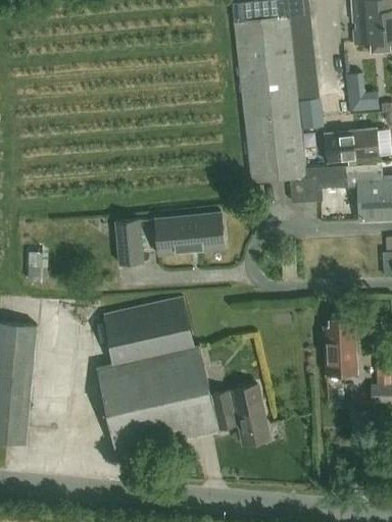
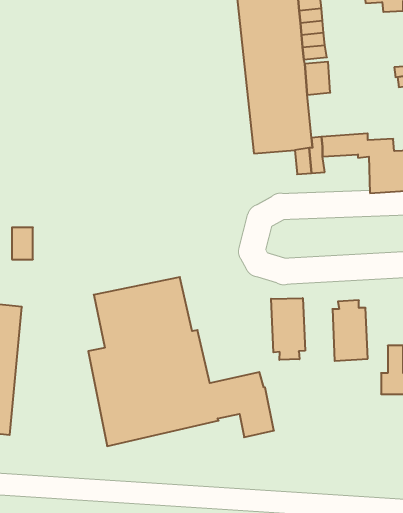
building: [345,73,366,113] -> none
building: [324,128,381,164] -> none
building: [155,211,226,255] -> none
building: [116,218,143,264] -> none
building: none -> [271,298,305,360]

